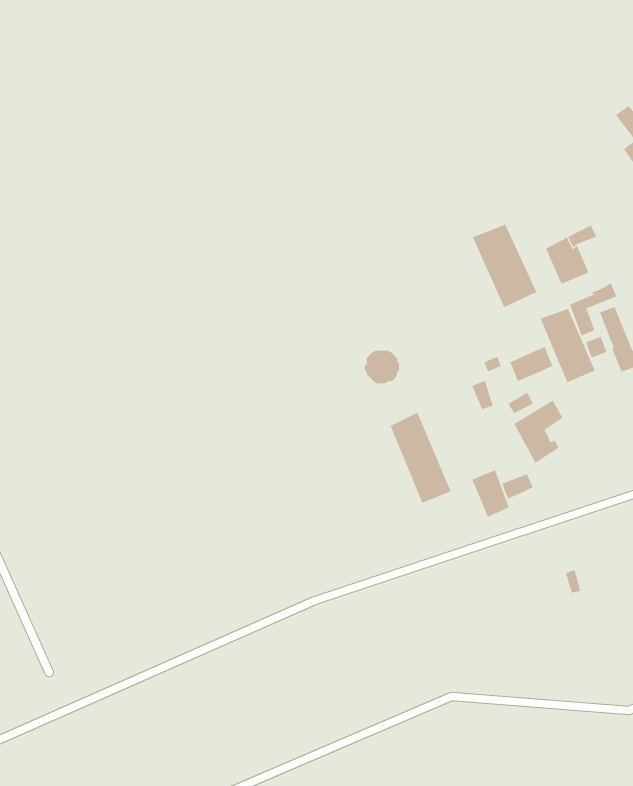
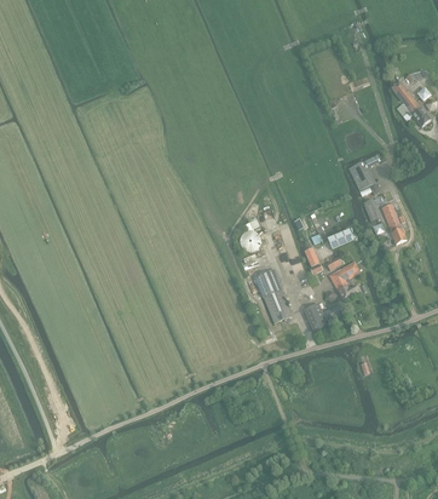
building: [472,224,537,308] -> none
building: [540,308,596,383] -> none

